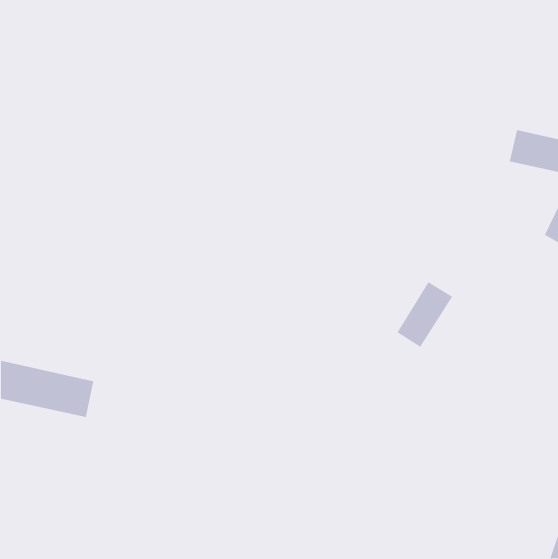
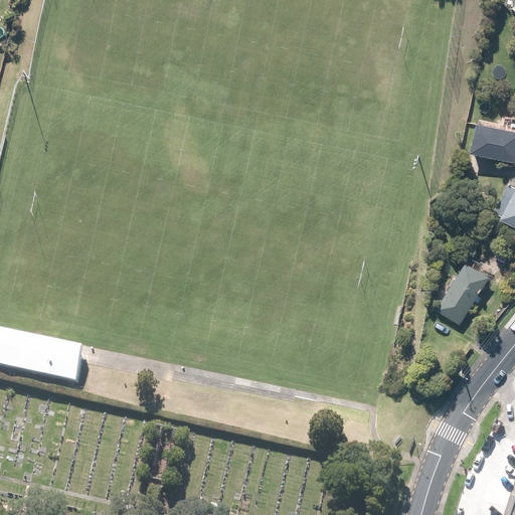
building: [396,281,453,348] -> [438,261,490,322]

